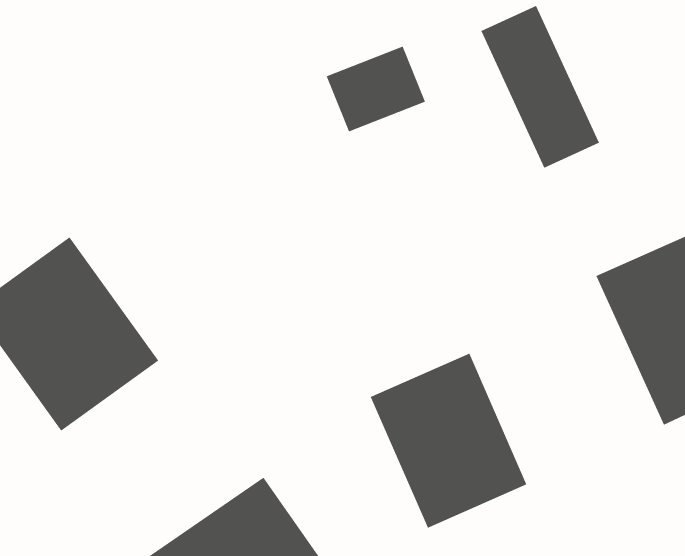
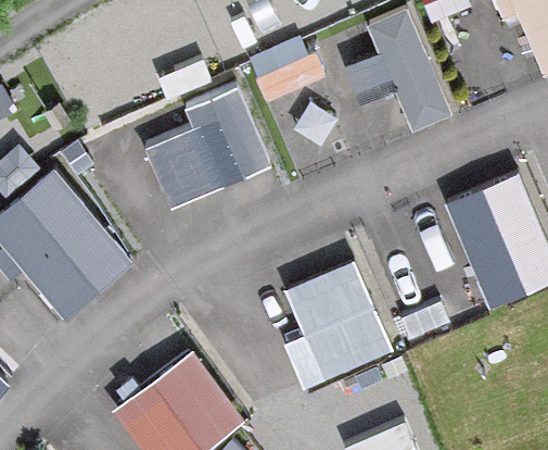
building: none -> [143,82,272,210]

